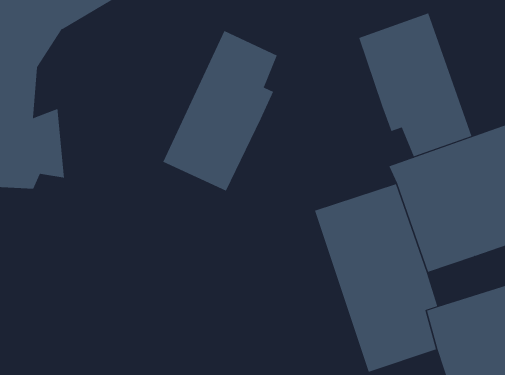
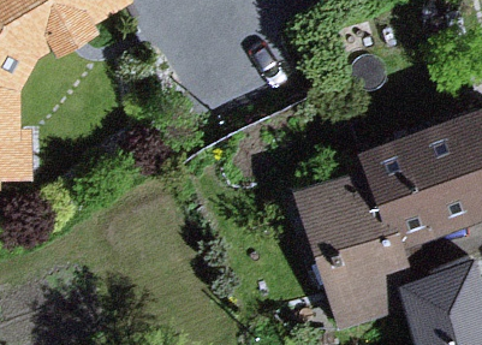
building: [359,12,472,157] -> none
building: [163,30,277,192] -> none

